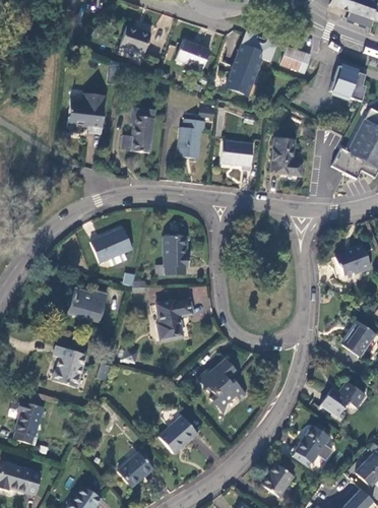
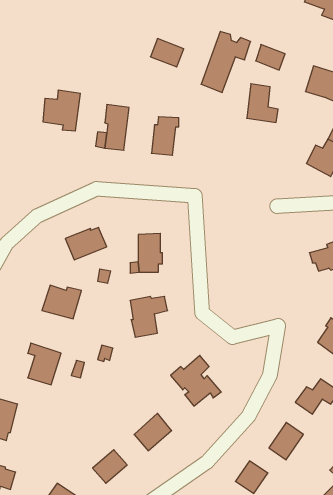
building: [120,25,150,54] -> none
building: [271,137,303,176] -> [247,84,278,122]
building: [220,140,254,170] -> none

